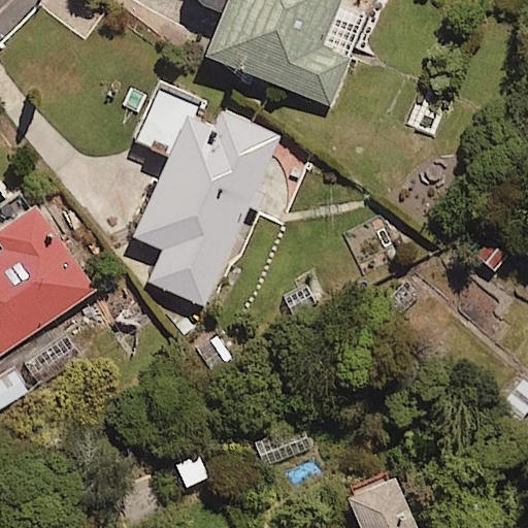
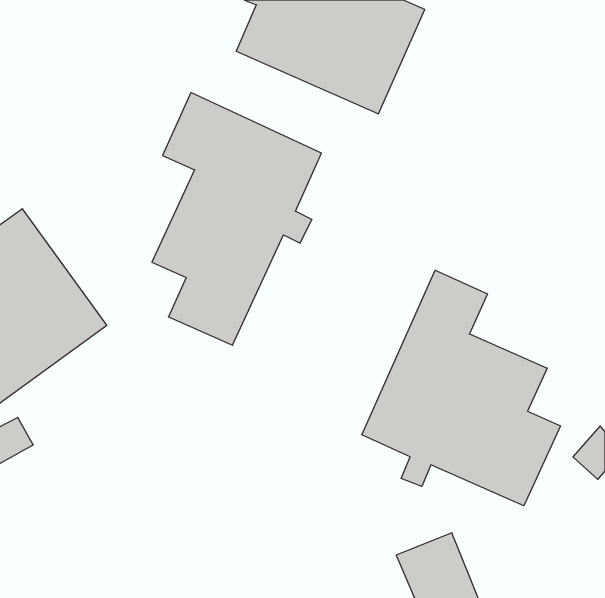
building: none -> [362,270,560,506]

